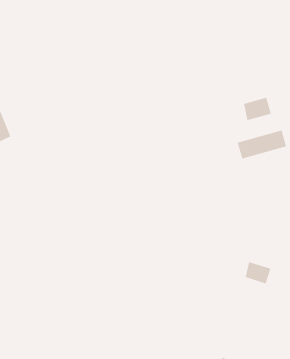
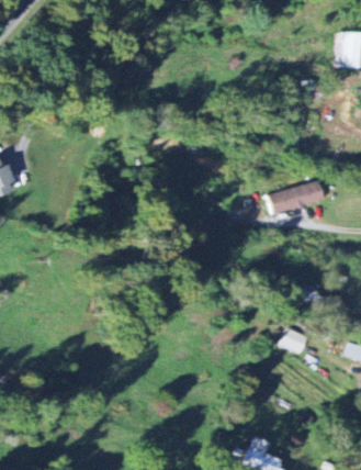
building: [243,97,271,121] -> none

